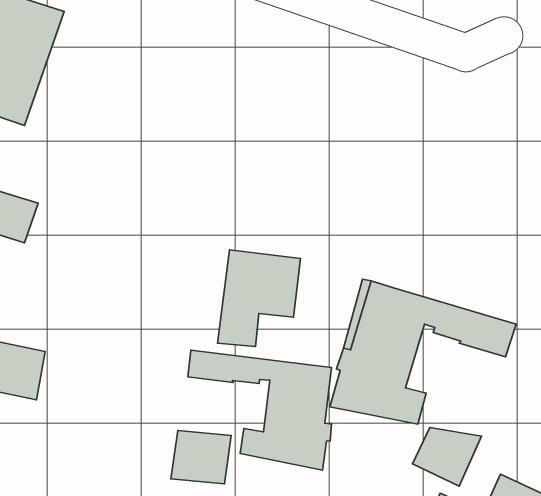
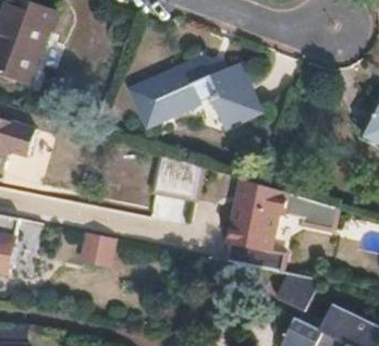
building: none -> [131,60,257,132]
building: [188,350,332,470] -> none
building: [171,430,231,484] -> [81,233,119,267]

